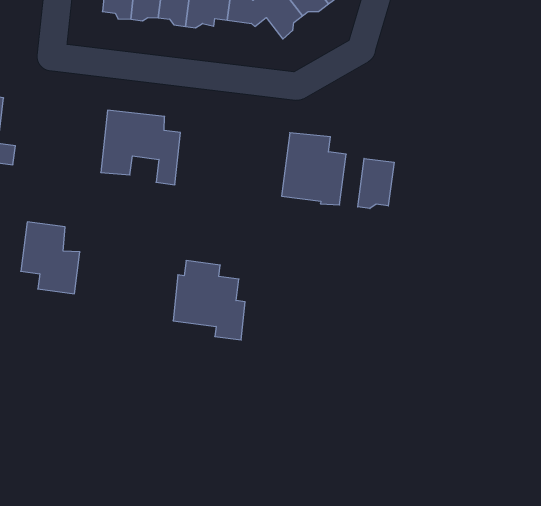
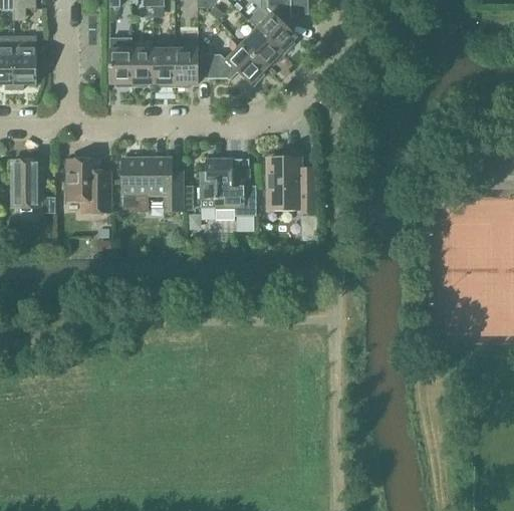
building: [358,158,394,209] -> none
building: [21,222,80,294] -> [66,160,110,211]
building: [173,261,245,340] -> [199,159,255,215]

